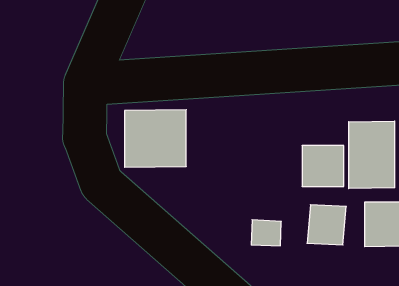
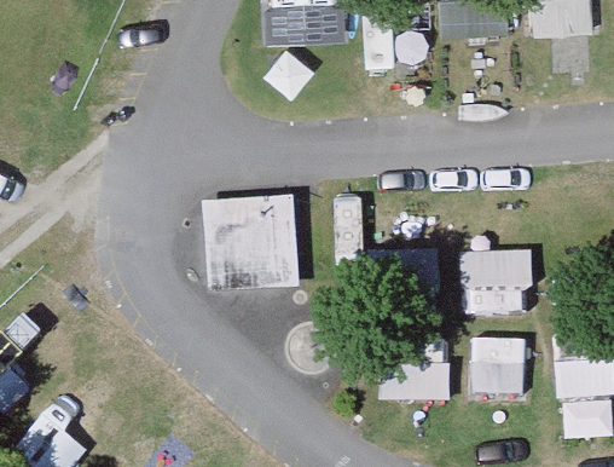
building: [349,121,395,189] -> none

